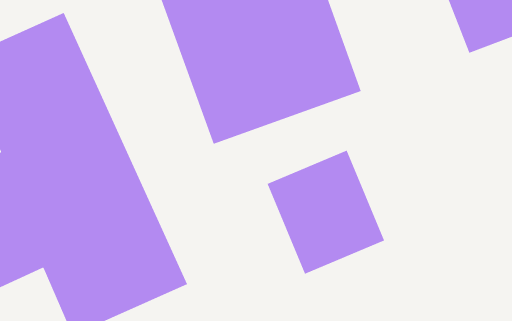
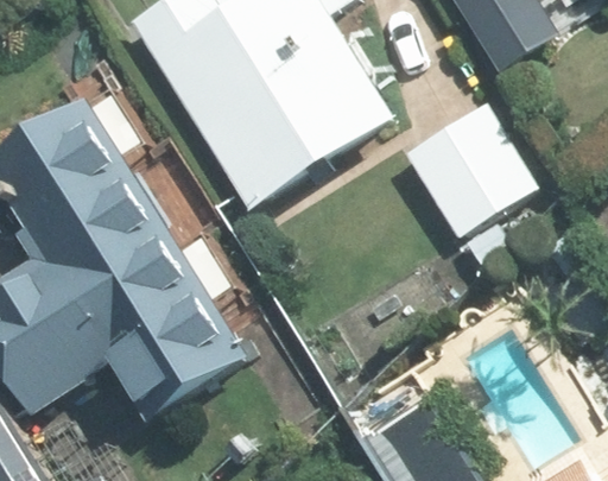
building: [267,150,385,275] -> [399,94,534,234]

